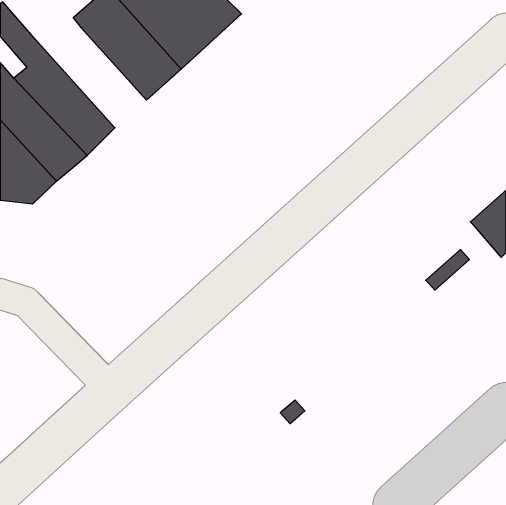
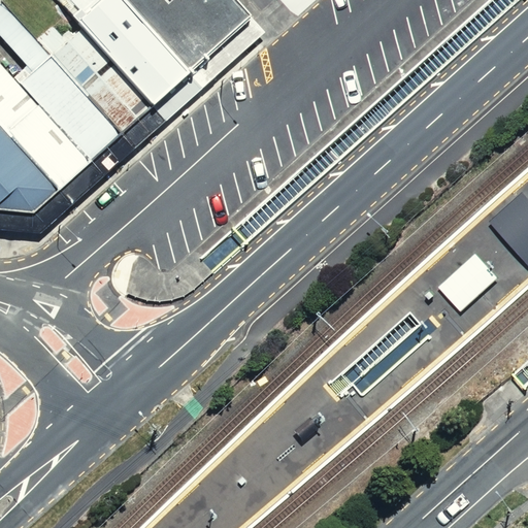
building: none -> [37,27,153,133]

